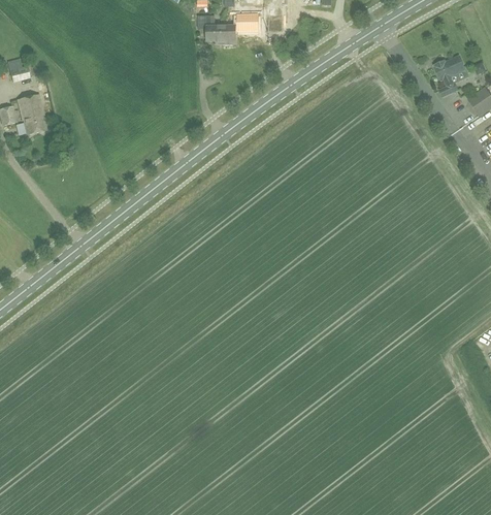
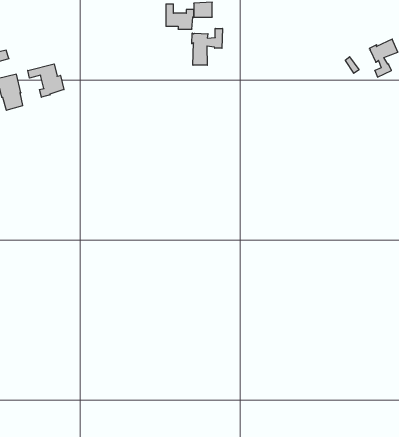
building: none -> [192,28,222,65]
building: none -> [28,64,64,97]

